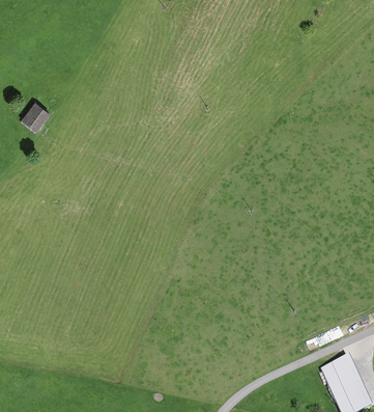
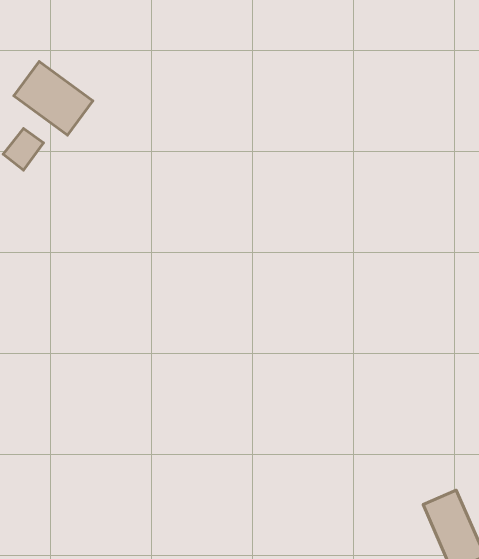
building: none -> [14,61,93,135]

